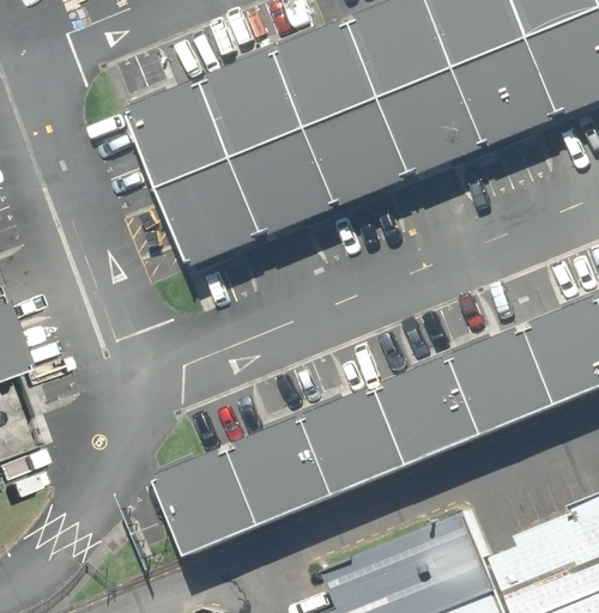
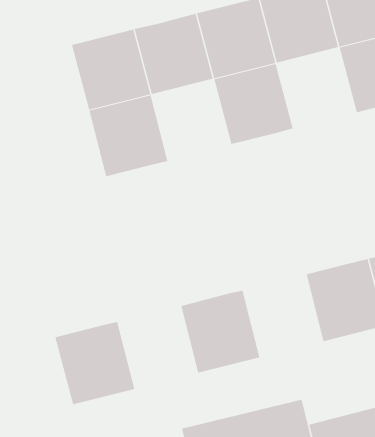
building: [383,67,490,175] -> none
building: [235,127,341,236] -> none
building: [381,352,488,462] -> none
building: [232,412,339,522] -> none

